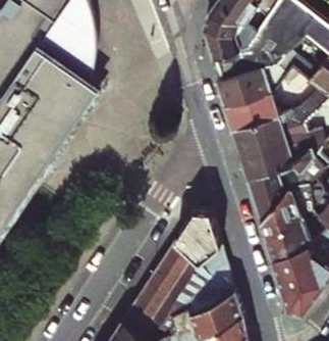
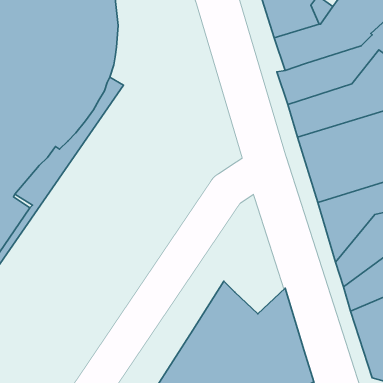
building: [175,209,221,262] -> none

